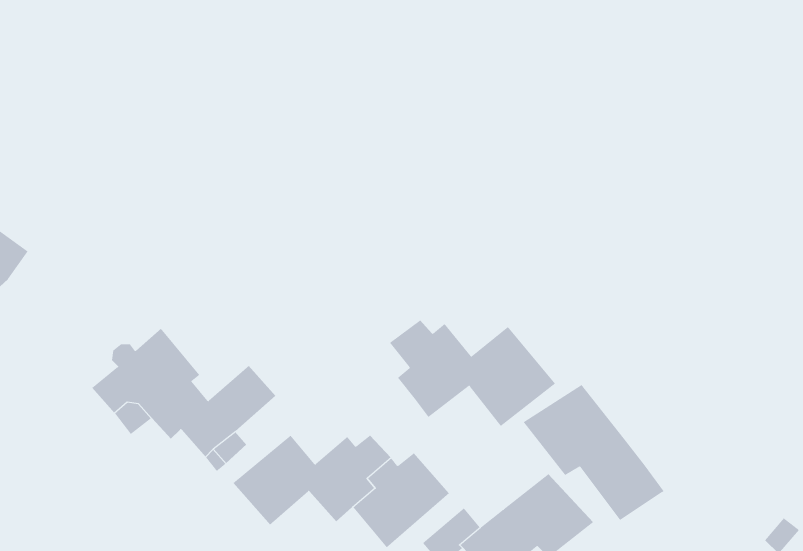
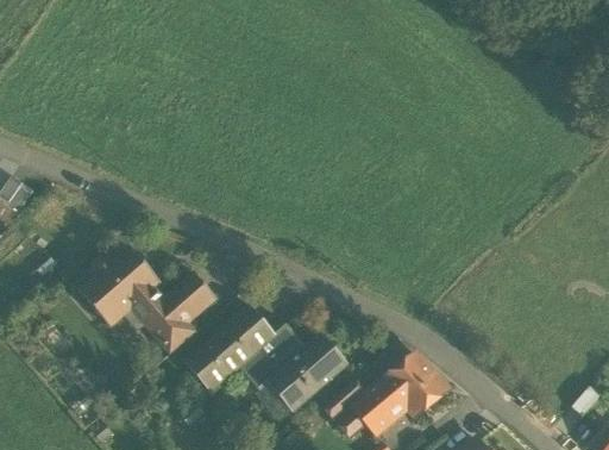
building: [389,320,556,427] -> none
building: [523,384,665,521] -> none
building: none -> [226,304,268,345]

